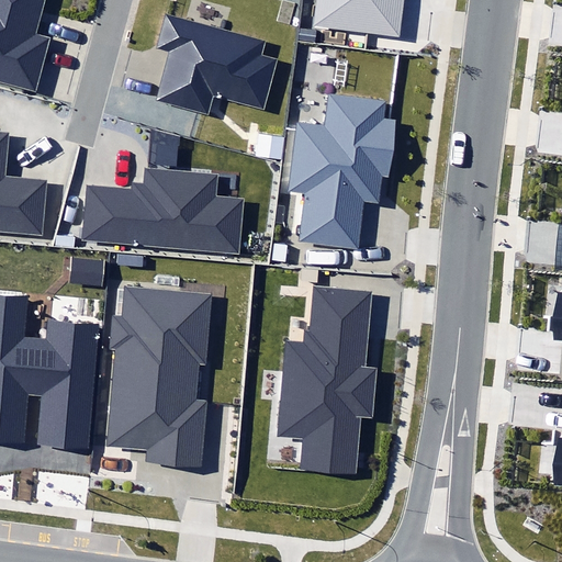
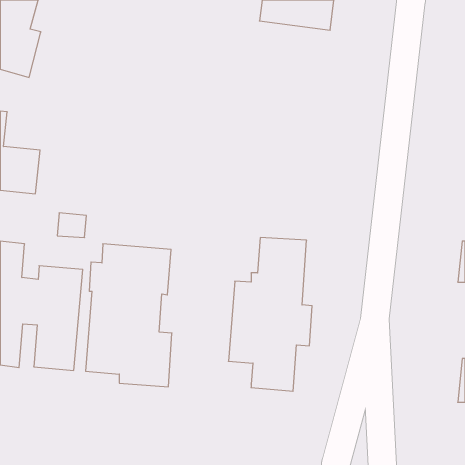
building: [156,15,278,113] -> none
building: [292,99,395,251] -> none
building: [80,169,243,252] -> none

